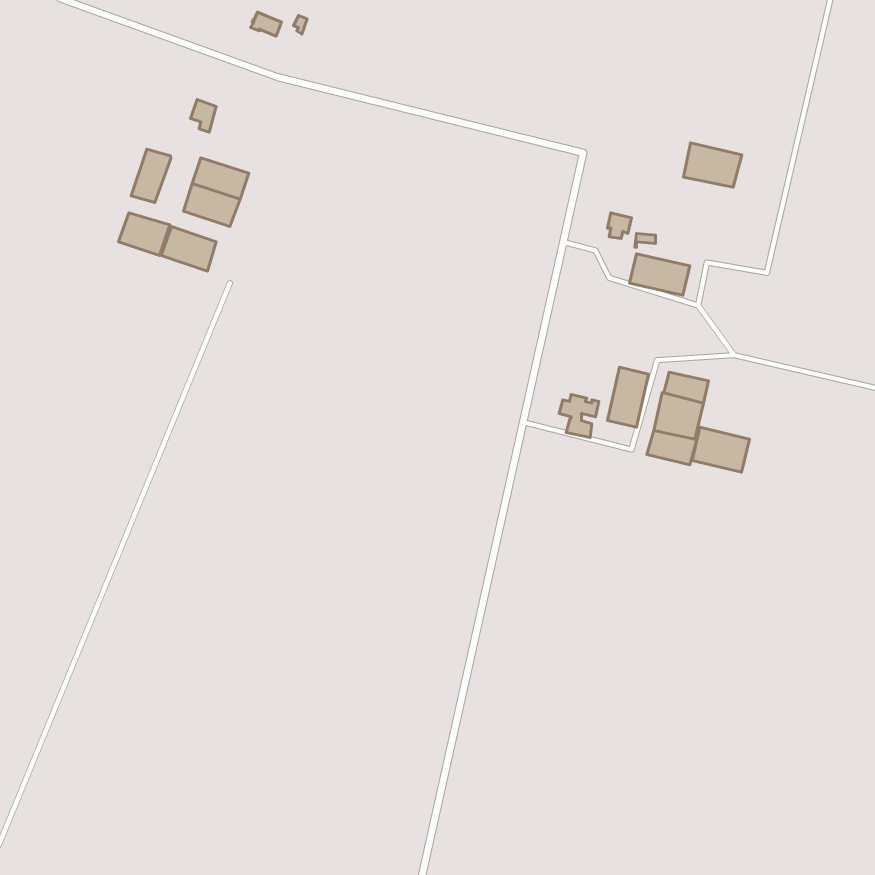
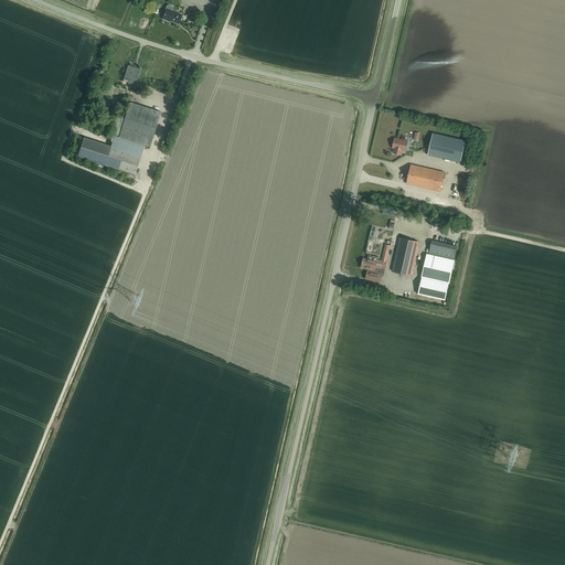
building: [684,143,742,187] -> [427,132,465,161]
building: [131,149,171,203] -> none
building: [692,427,749,472] -> none

